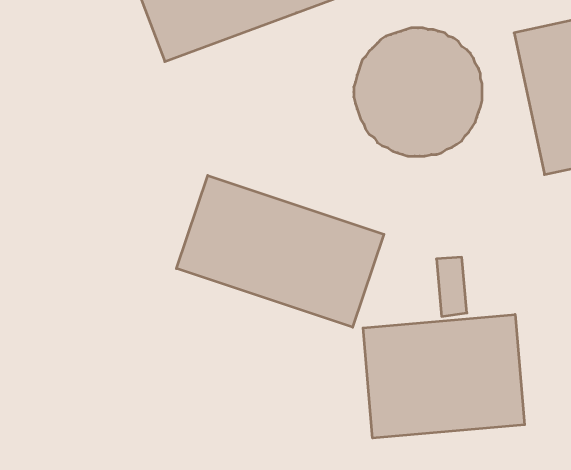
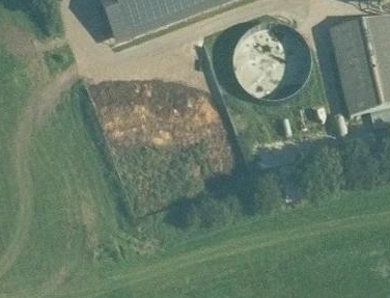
building: [176,175,384,327] -> none
building: [363,314,525,438] -> none

